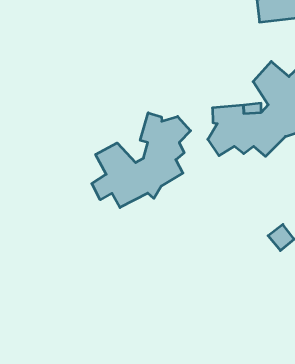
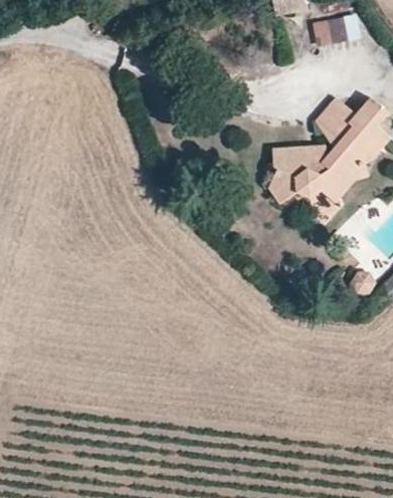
building: [92,113,191,208] -> none

